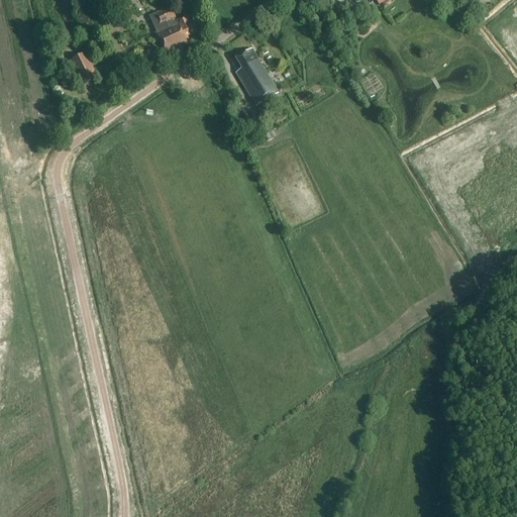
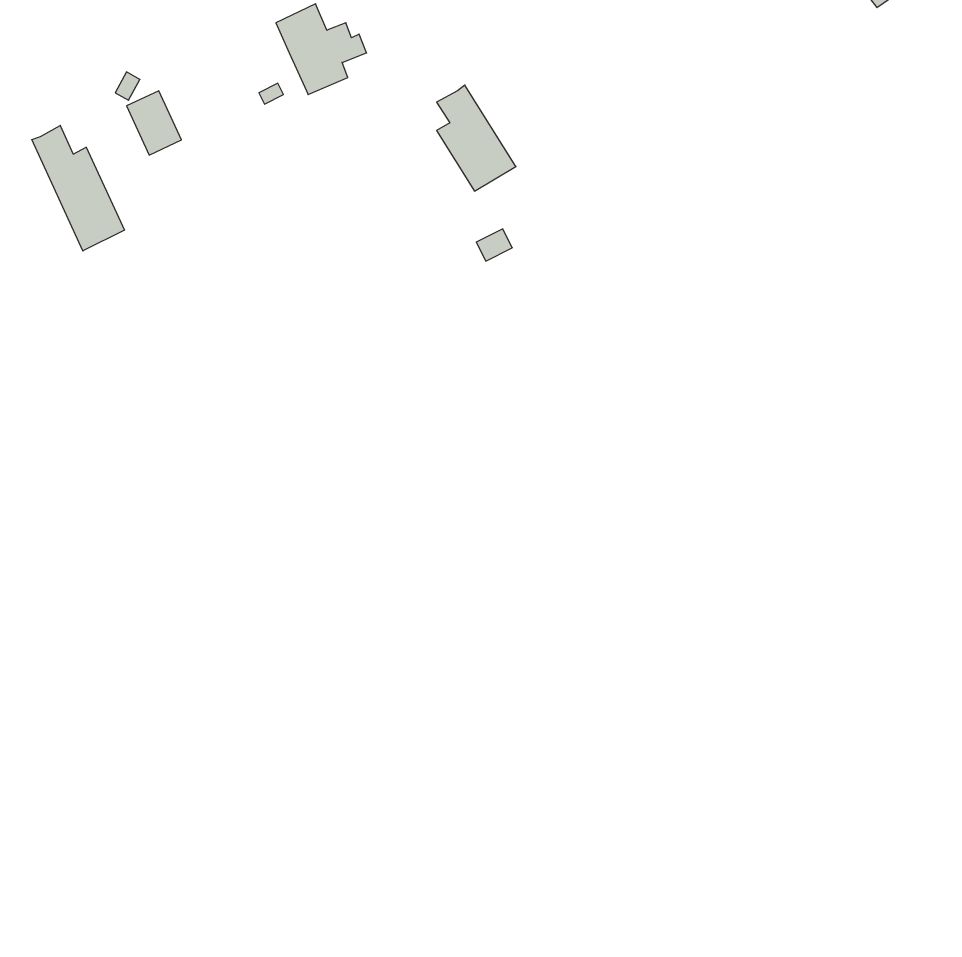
building: none -> [32,125,124,251]

